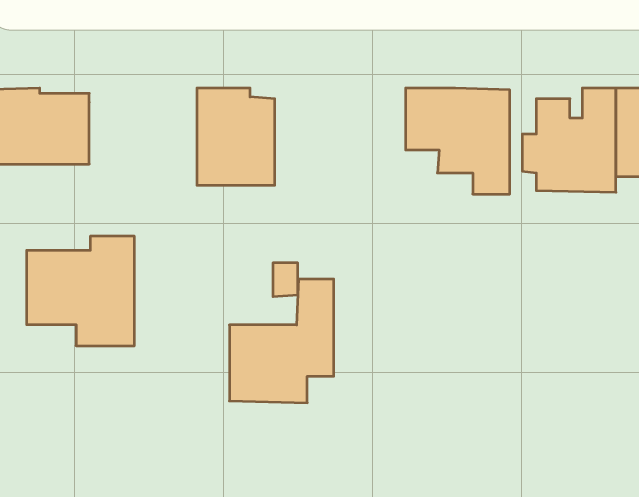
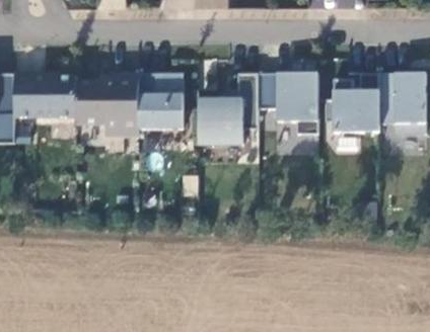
building: [27,236,134,346] -> [76,75,138,138]
building: [229,279,334,403] -> [198,75,258,146]

